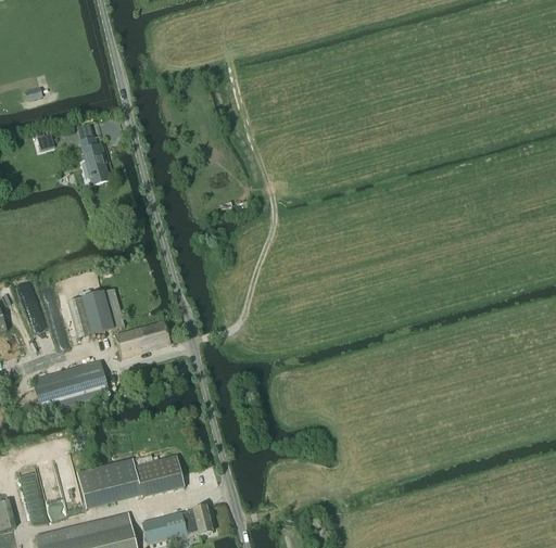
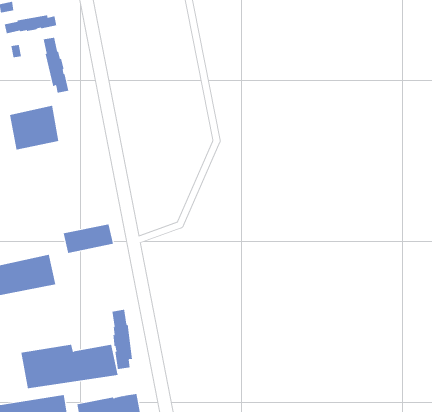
building: none -> [4,8,57,34]
building: [67,286,124,339] -> [9,105,59,150]
building: none -> [112,309,140,370]

